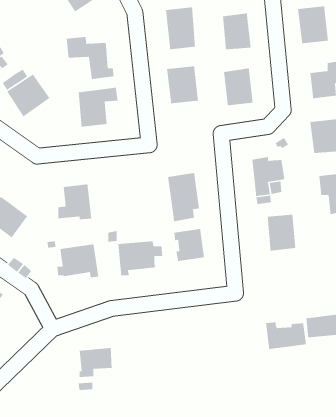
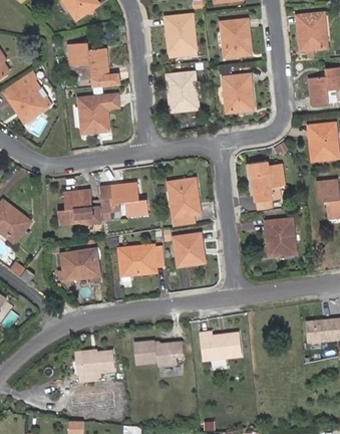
building: none -> [100,183,147,217]
building: [265,322,307,350] -> [199,334,240,362]
building: none -> [135,341,184,366]

